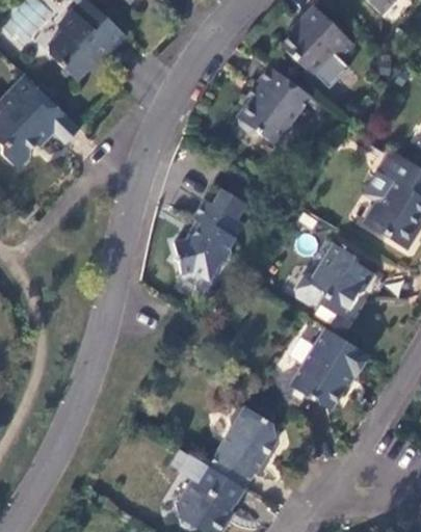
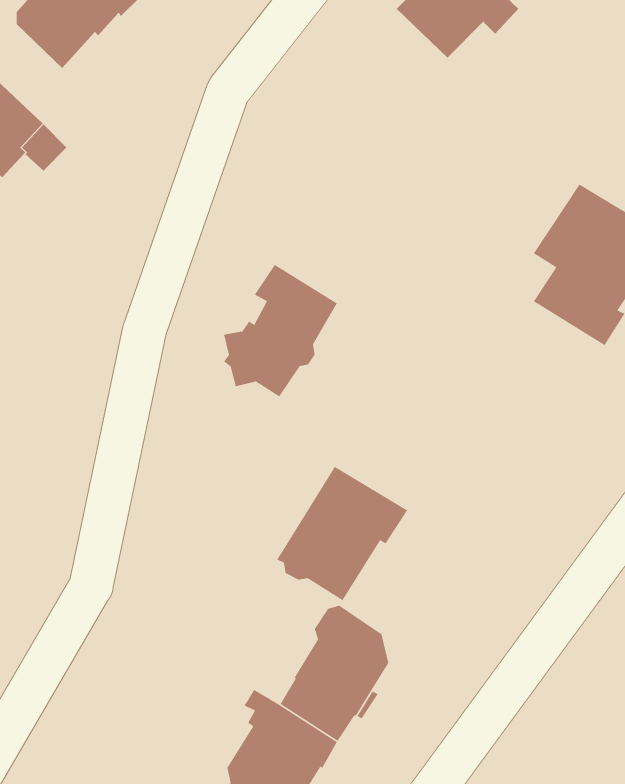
building: [236,64,311,145] -> none
building: [312,242,375,314] -> none
building: [290,327,370,409] -> [276,466,408,601]

